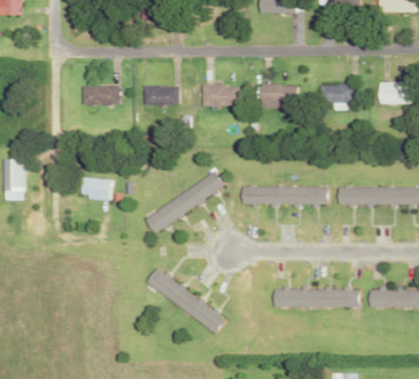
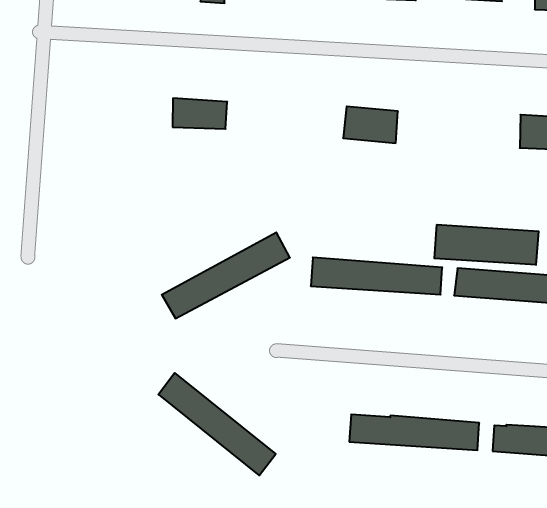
building: [198,84,235,106] -> none
building: [318,84,353,102] -> none
building: [82,85,121,105] -> none
building: none -> [434,225,539,265]
building: [82,177,113,200] -> none

